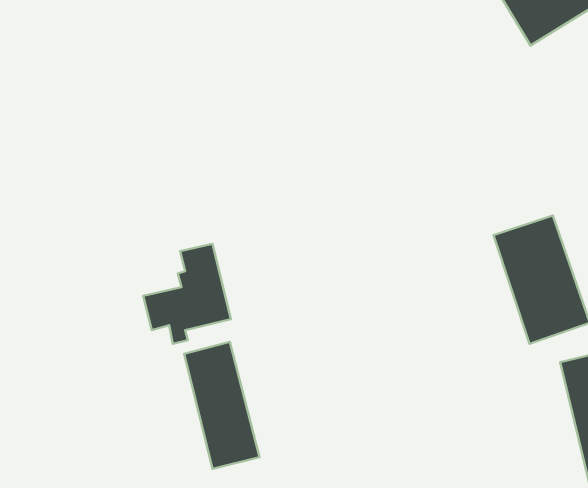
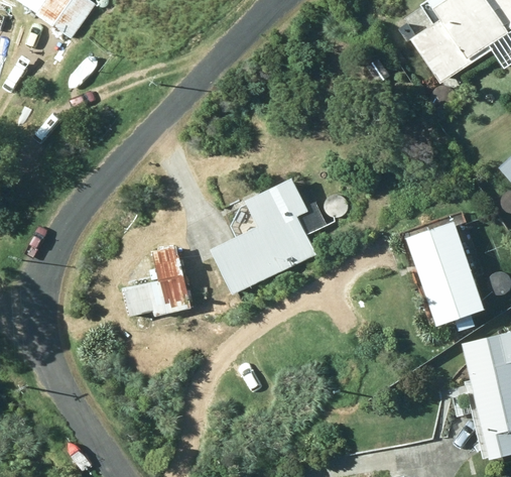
building: none -> [210,177,327,294]
building: [184,342,260,469] -> none

